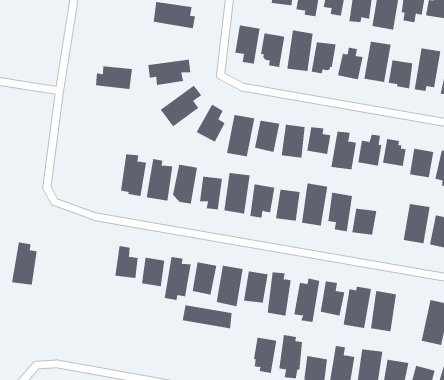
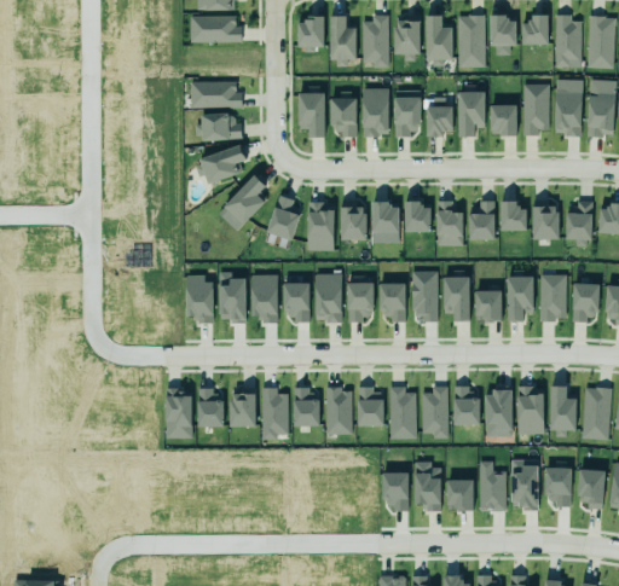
building: [95,66,133,89] -> [195,112,239,140]
building: none -> [507,273,533,321]
building: [11,242,37,285] -> [166,388,192,439]
building: none -> [550,387,577,437]
building: [182,304,232,329] -> none

